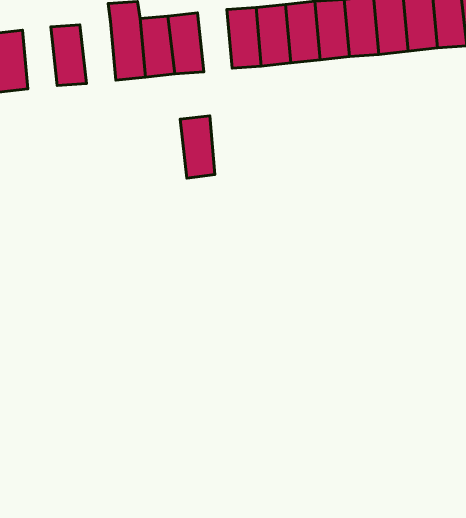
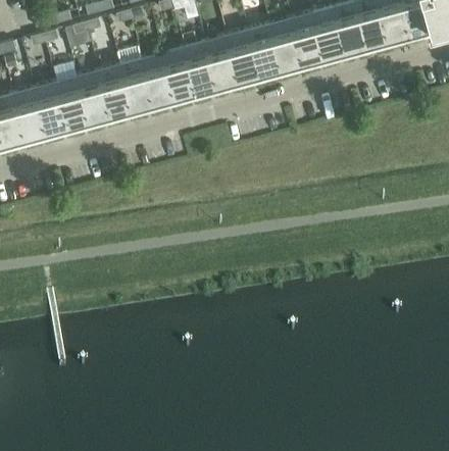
building: none -> [98,68,132,117]
building: none -> [56,80,89,129]
building: [180,116,215,178] -> [184,45,216,94]

